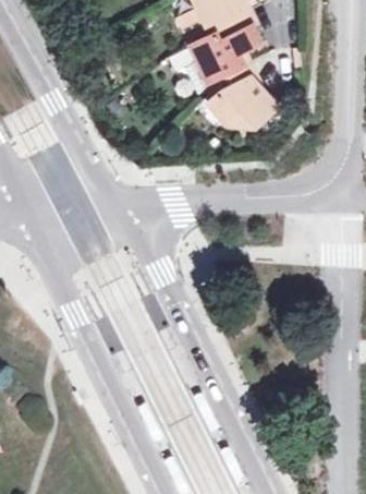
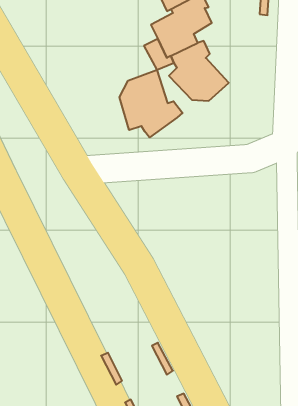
building: none -> [120,70,183,137]

